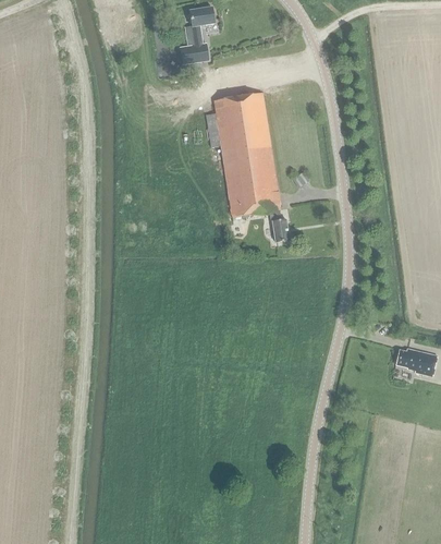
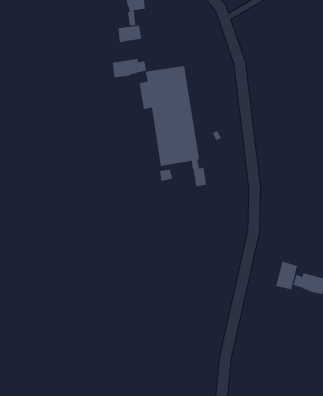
building: none -> [112,58,146,78]
building: none -> [276,261,298,290]

